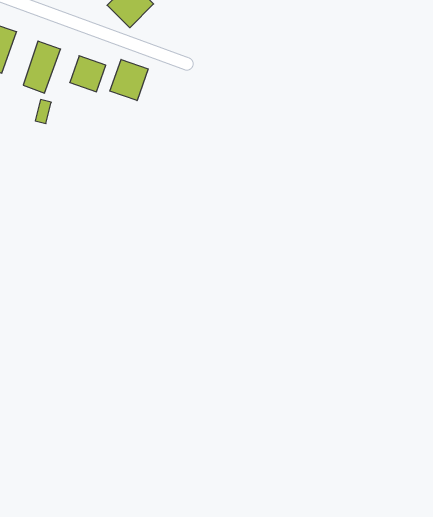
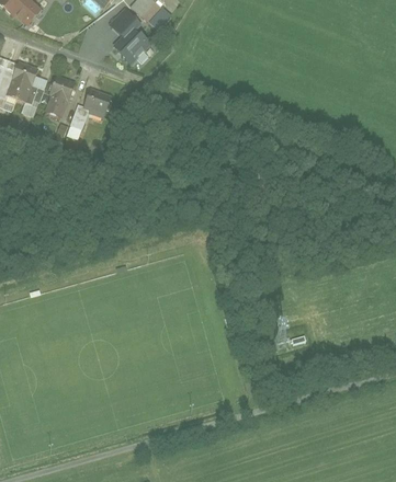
building: [110,59,148,101] -> none

